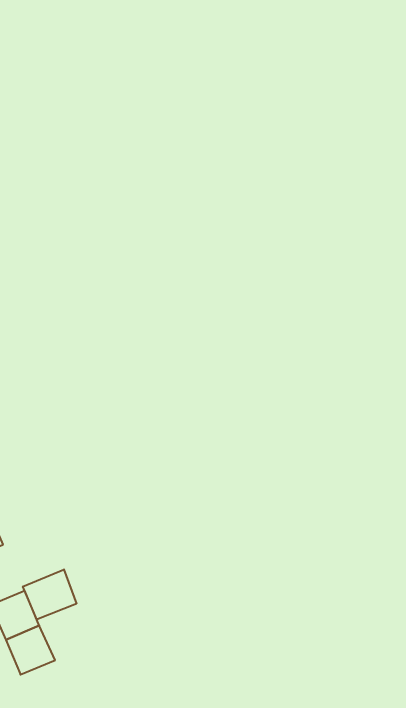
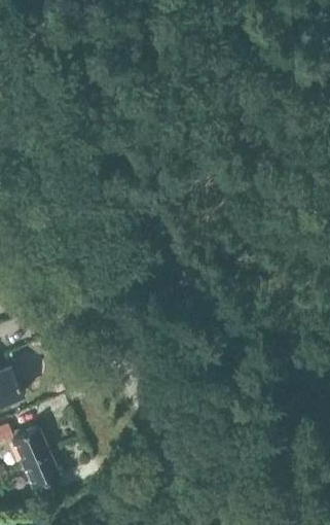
building: [23,569,76,620] -> none

